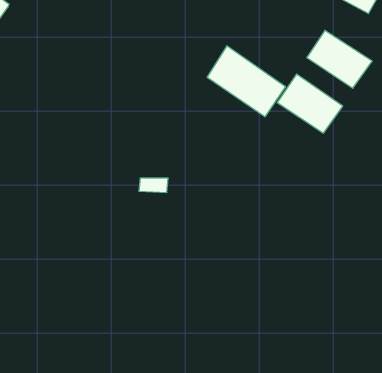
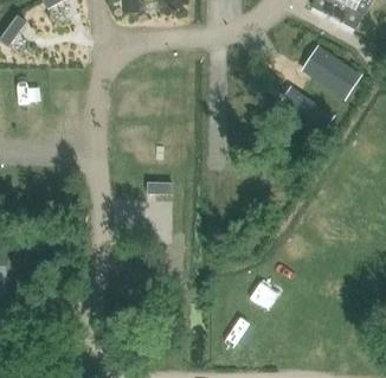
building: [207,46,285,117] -> none

